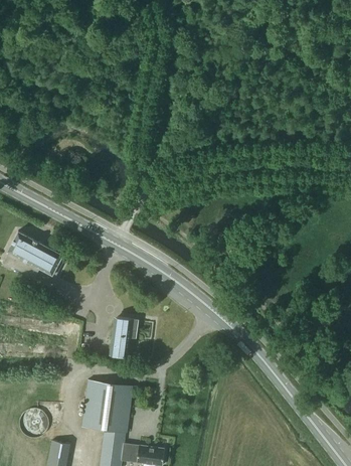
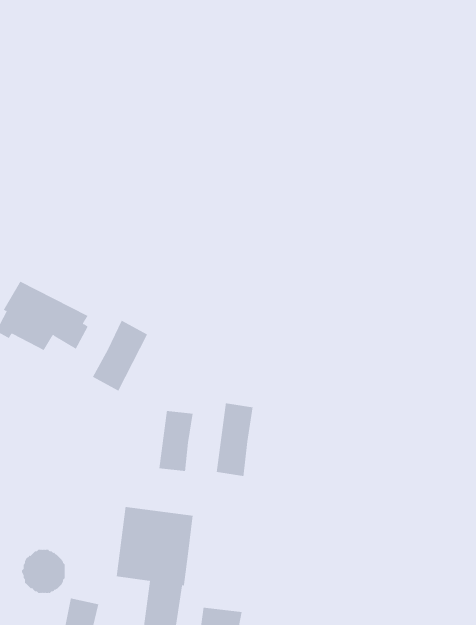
building: none -> [92,320,148,392]
building: none -> [216,402,253,477]

